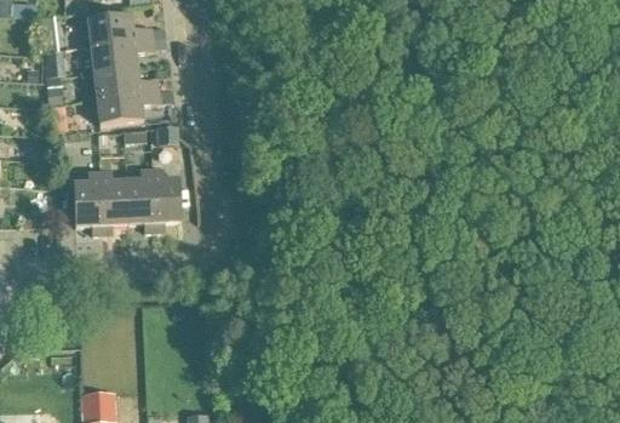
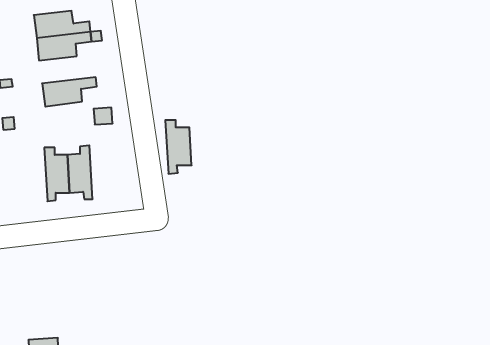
building: [92,67,157,98] -> none
building: [150,170,180,231] -> [165,120,192,174]
building: [71,172,102,234] -> none

